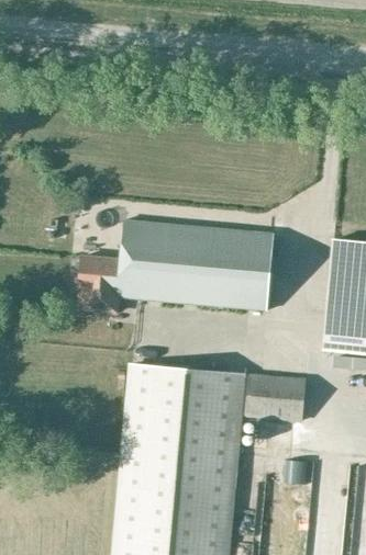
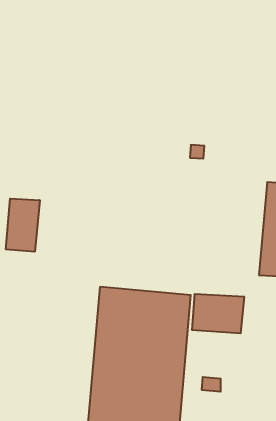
building: [78,220,273,313] -> none
building: none -> [6,199,40,252]

